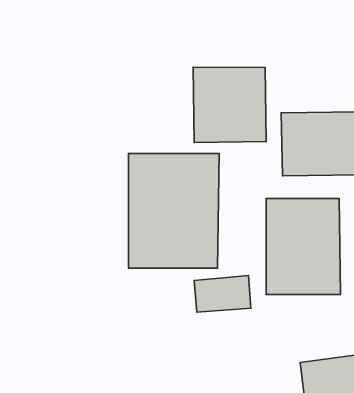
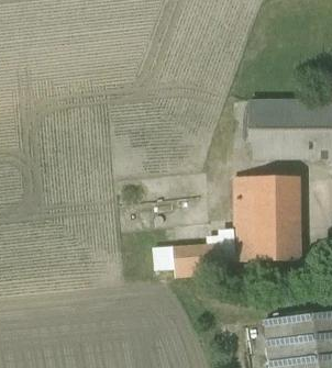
building: [193,67,266,143] -> none
building: [129,154,219,268] -> none

